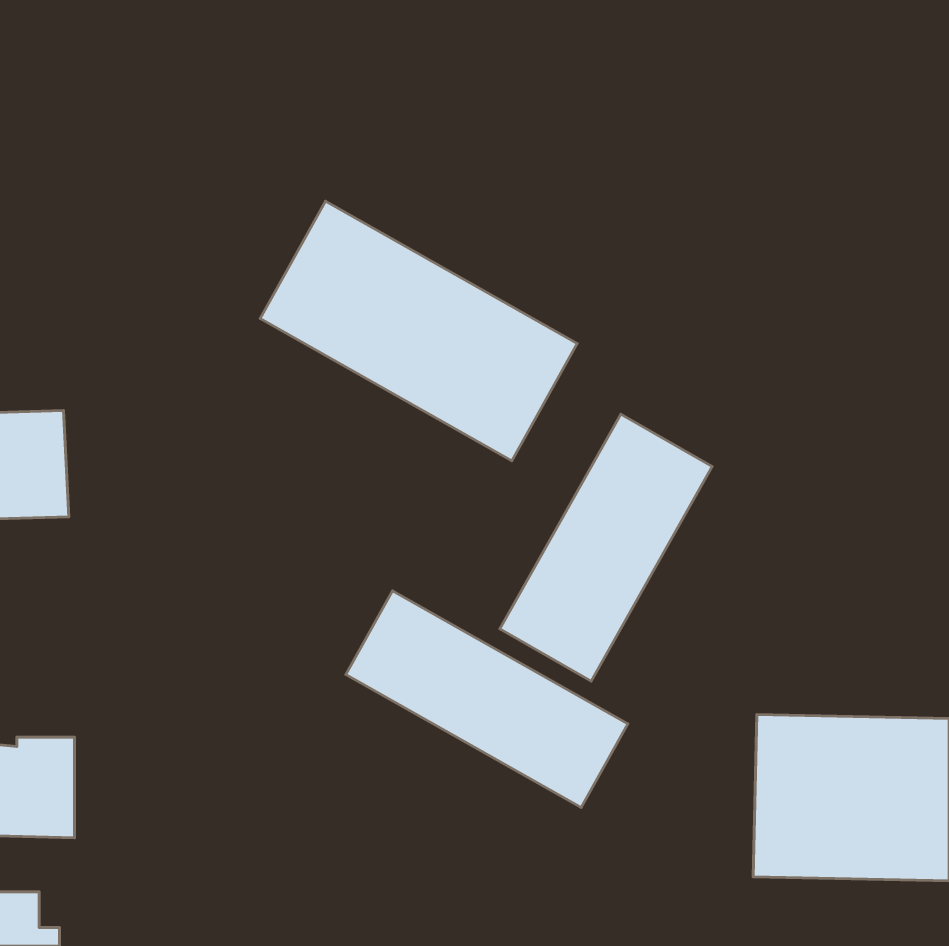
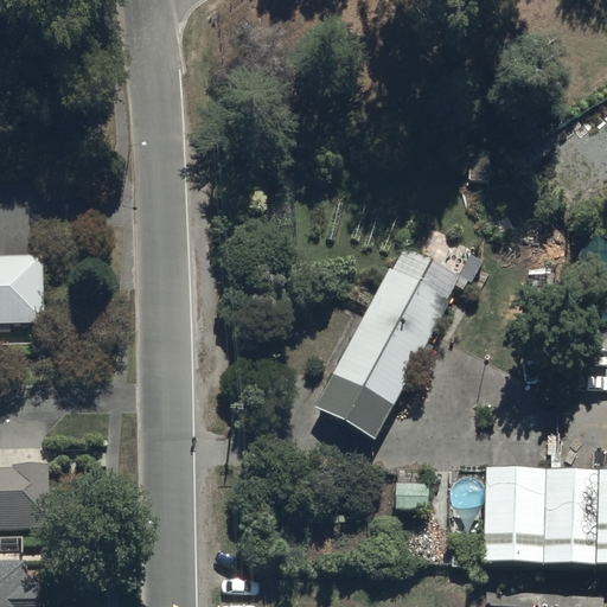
building: [260,201,577,461] -> none
building: [346,591,628,808] -> none

